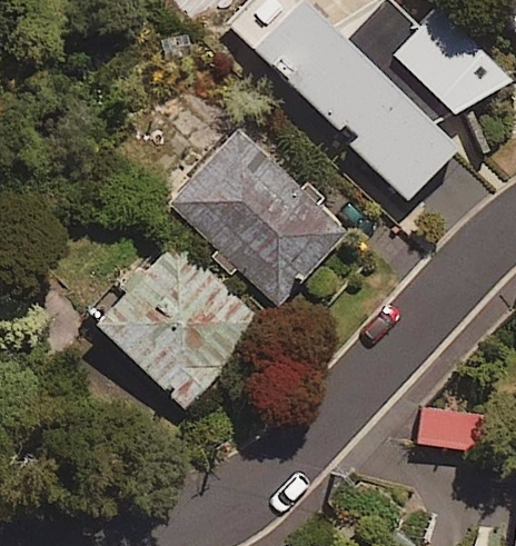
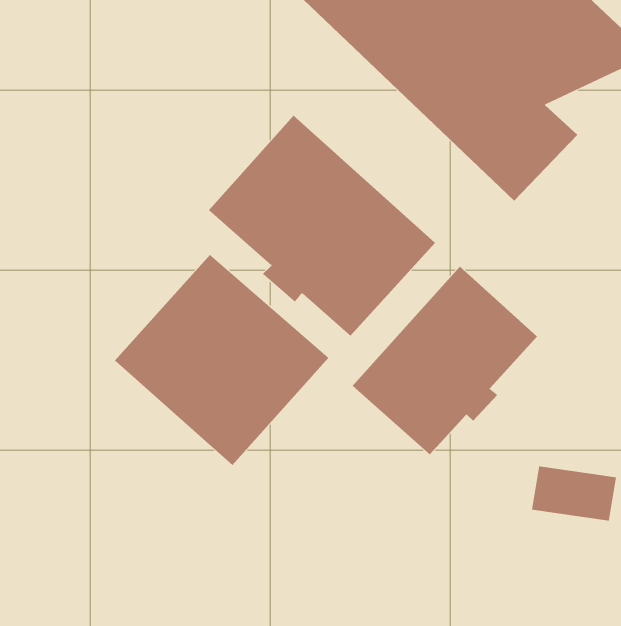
building: none -> [352,266,538,455]

